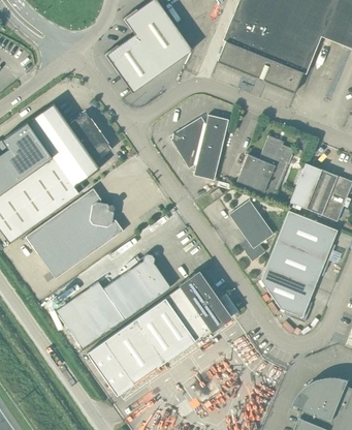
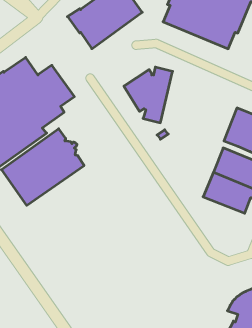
building: [237,134,295,197] -> none
building: [229,198,275,260] -> none
building: [57,253,171,348] -> none
building: [261,268,315,321] -> none
building: [87,273,235,395] -> none

